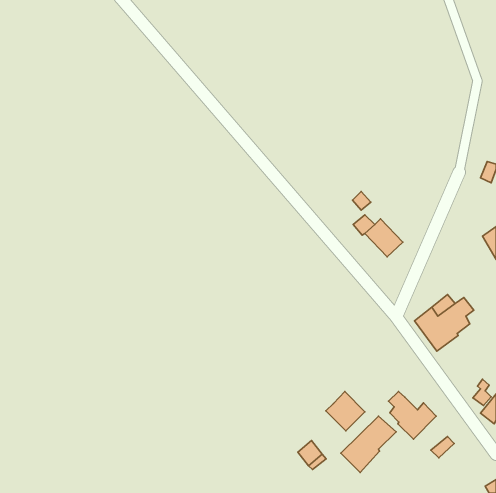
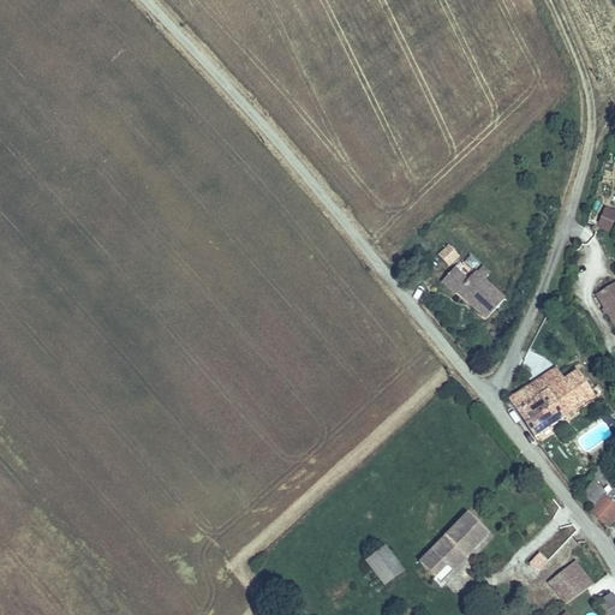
building: [389,391,436,439] -> none
building: [326,392,365,431] -> none
building: none -> [555,560,598,602]

